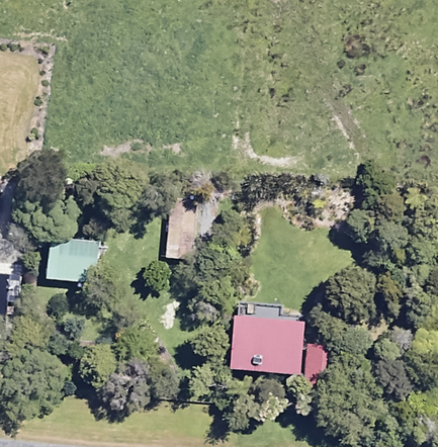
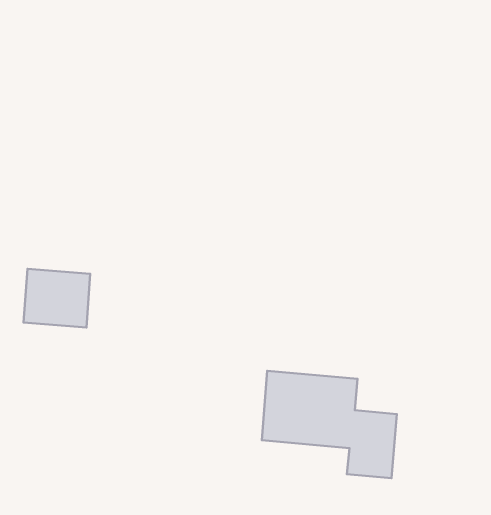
building: [163,201,196,259] -> none

